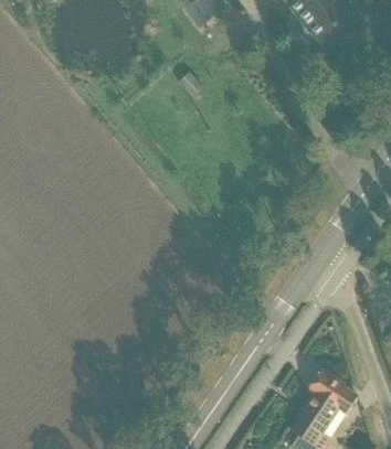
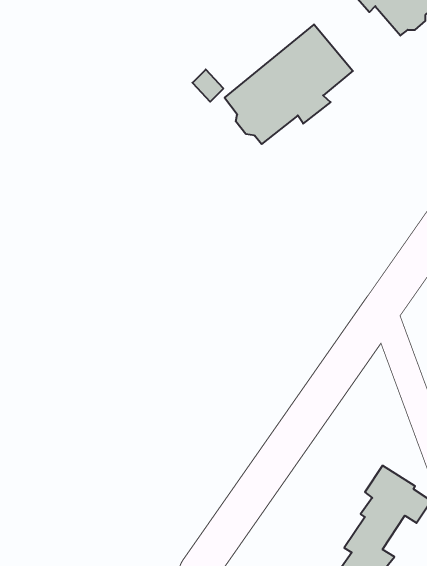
building: none -> [225,24,353,144]

